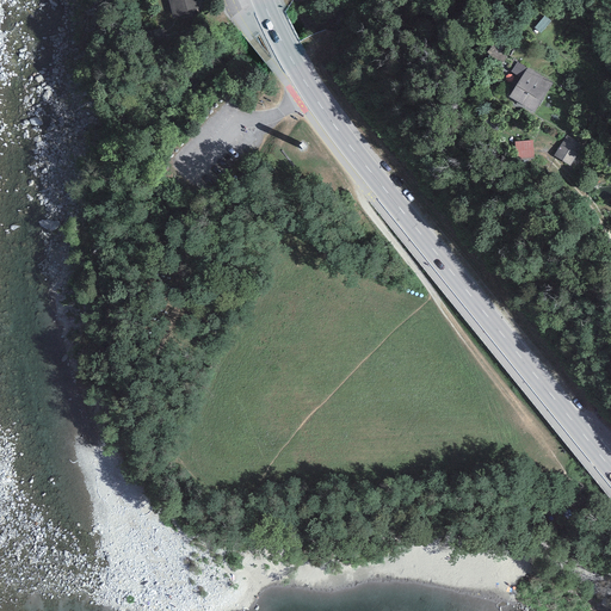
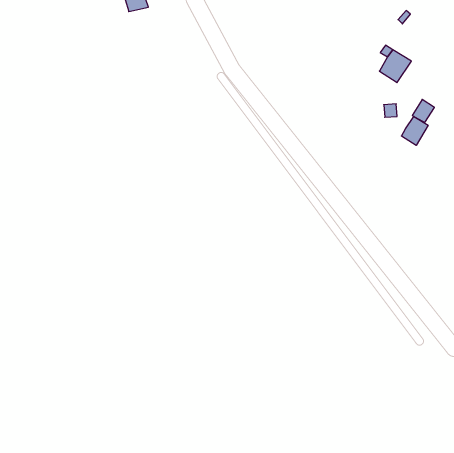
building: none -> [401,116,428,145]

